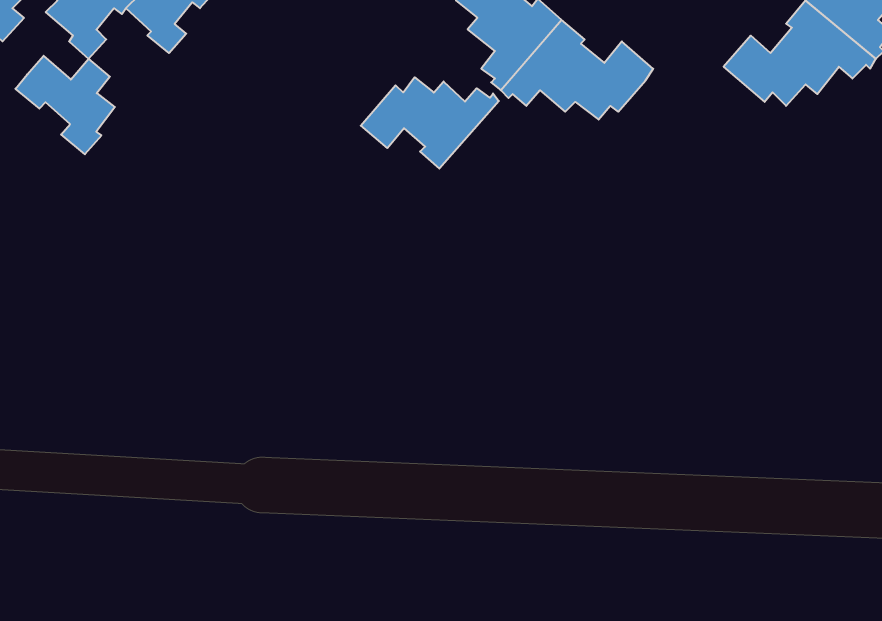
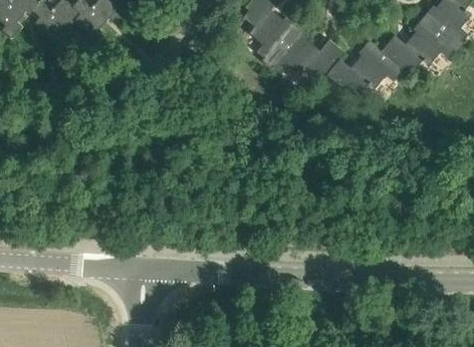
building: none -> [327,40,403,94]
building: [15,56,115,154] -> none
building: [361,77,499,169] -> none

